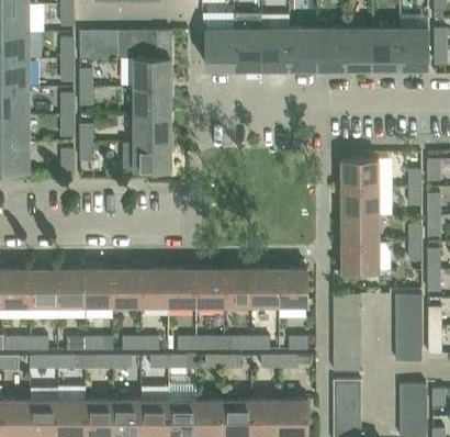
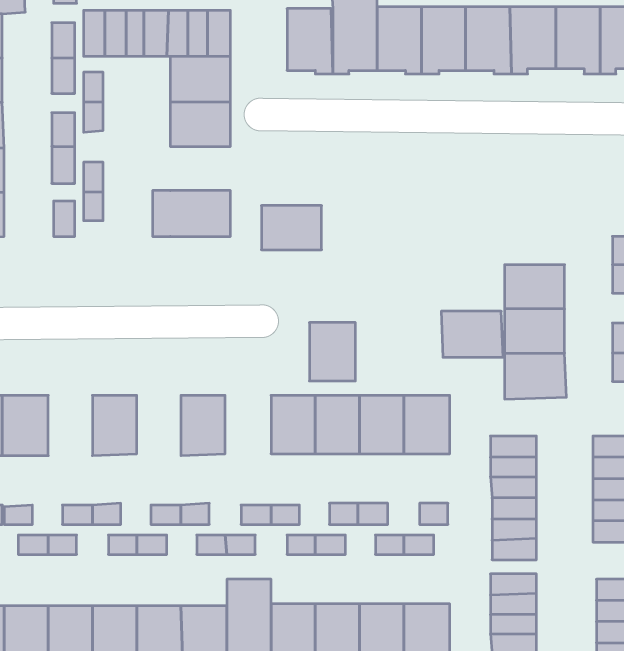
building: [134,115,171,143] -> [261,206,322,250]
building: [340,160,379,189] -> [441,311,503,357]
building: [58,270,86,307] -> none
building: [113,270,140,307] -> none
building: [168,270,196,306] -> [309,323,355,381]

